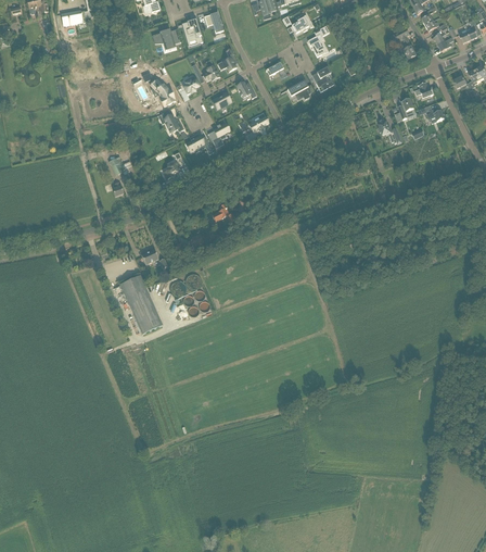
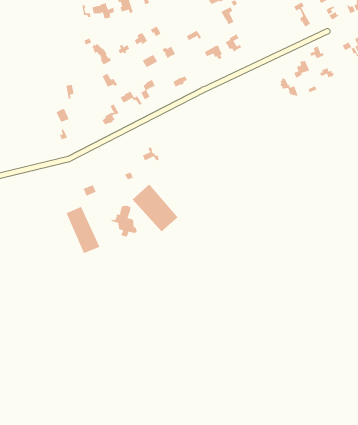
building: none -> [132,183,179,232]

